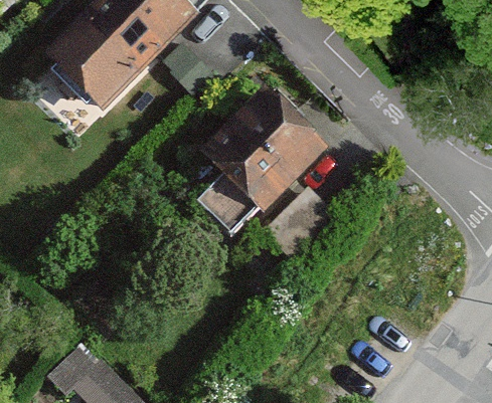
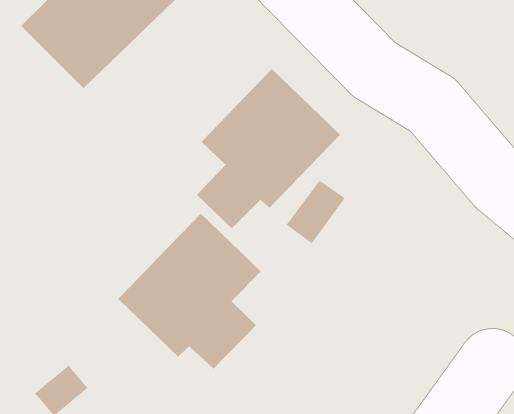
building: none -> [118,213,261,369]

